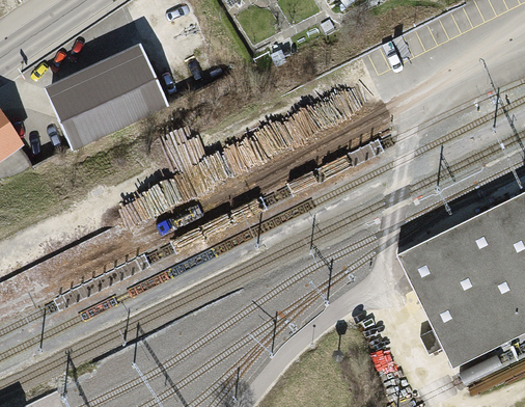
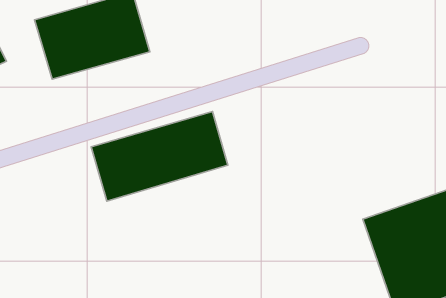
building: none -> [91,112,228,201]

